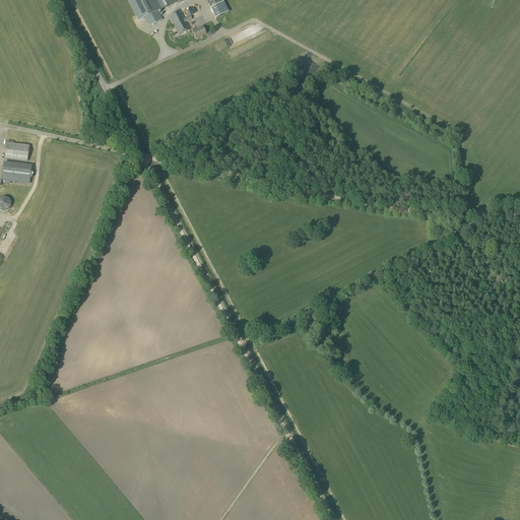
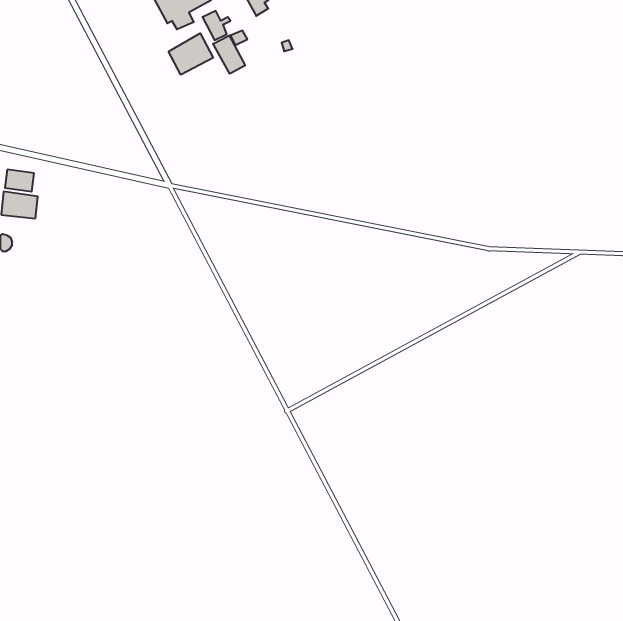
building: none -> [169,33,213,75]
building: none -> [213,35,245,74]

